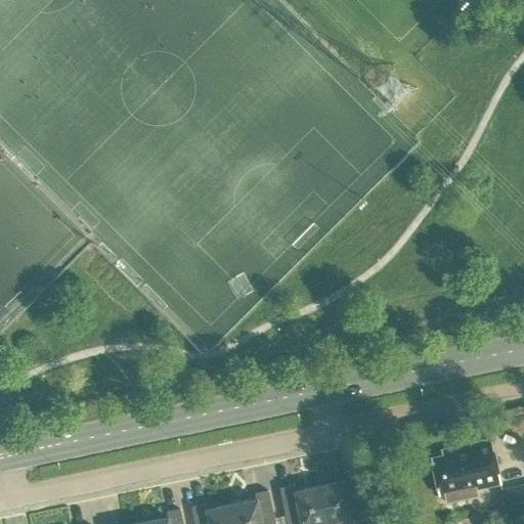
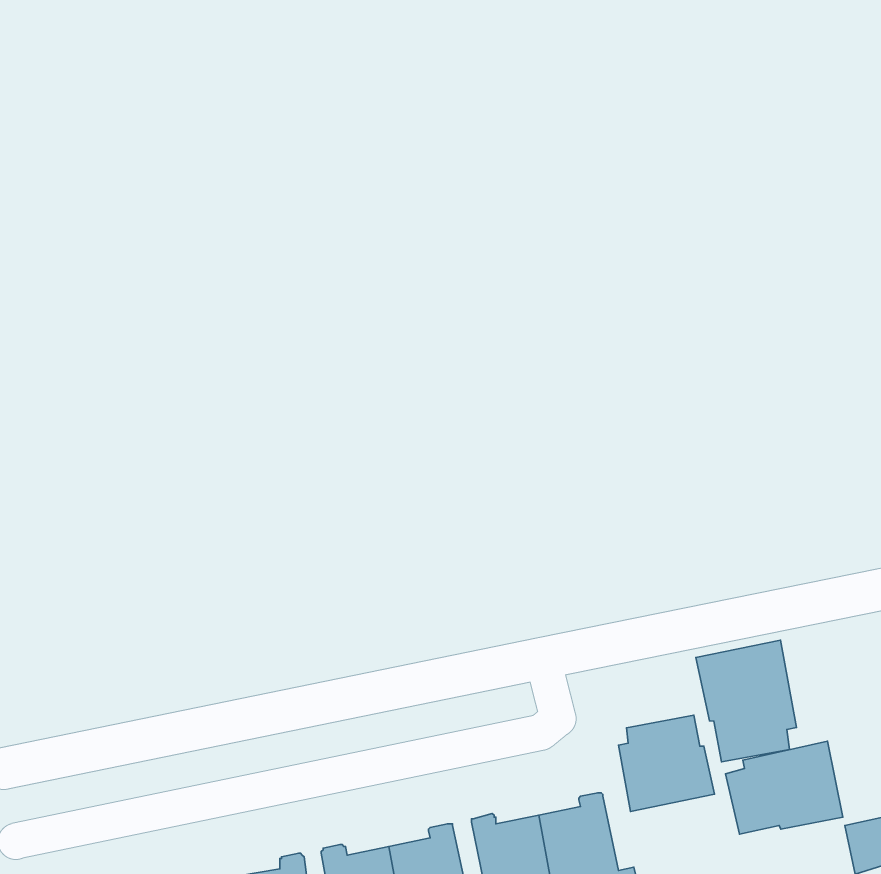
building: none -> [696,640,797,762]
building: none -> [619,715,714,811]

